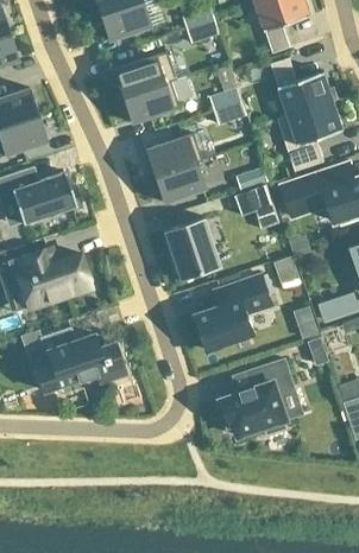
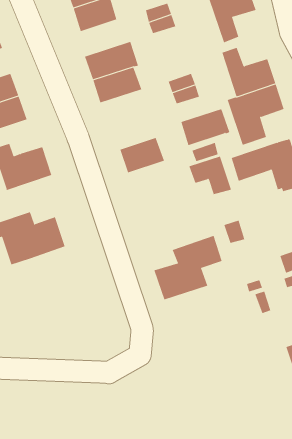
building: [145,133,202,176] -> [181,109,230,146]
building: [163,216,221,280] -> none
building: [36,325,126,390] -> none
building: [219,358,294,436] -> none

